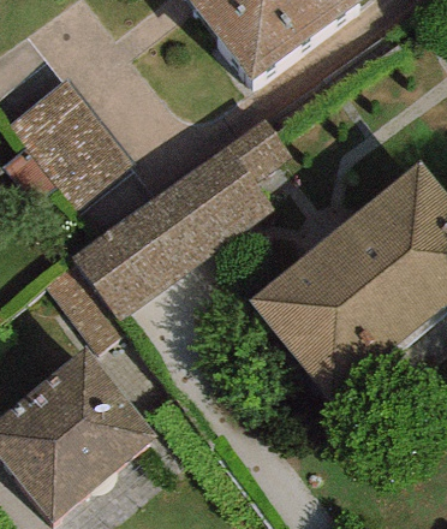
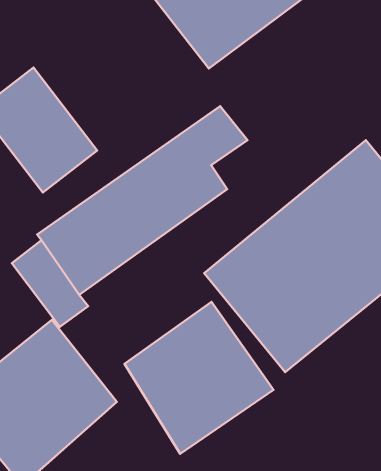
building: none -> [125,302,273,454]

